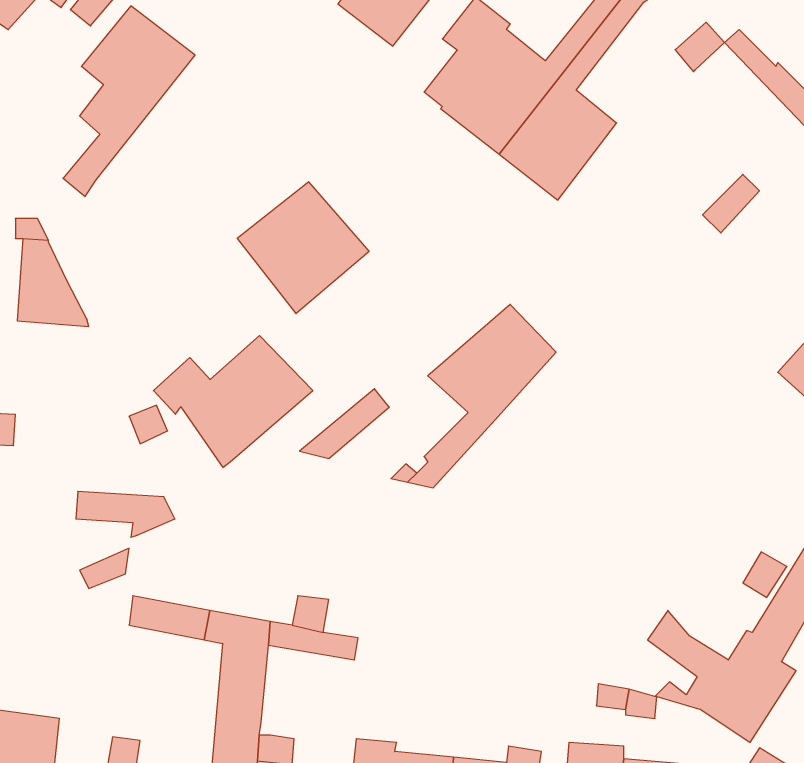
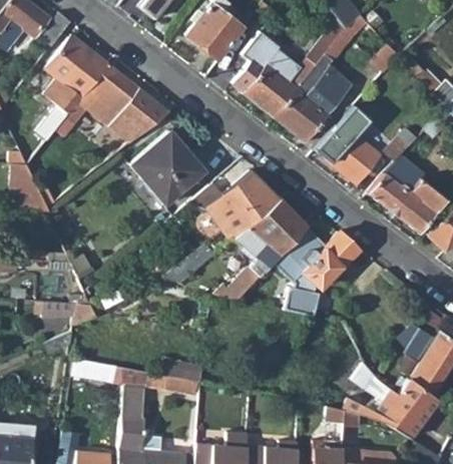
building: none -> [54,63,170,143]
building: none -> [317,103,382,183]
building: none -> [368,169,436,231]
building: [153,336,313,467] -> [193,169,281,242]
building: none -> [271,225,357,316]

